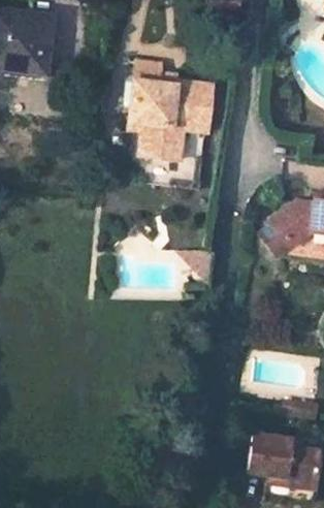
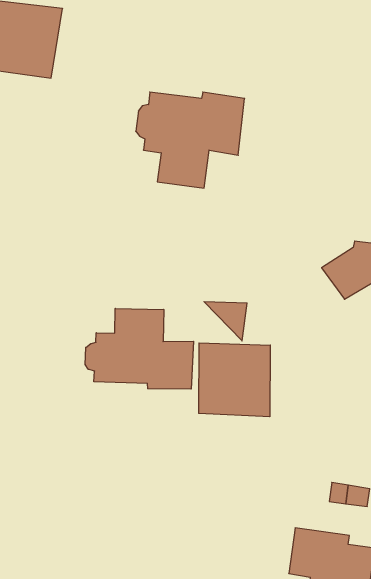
building: none -> [85,308,193,389]
building: none -> [199,343,270,417]

